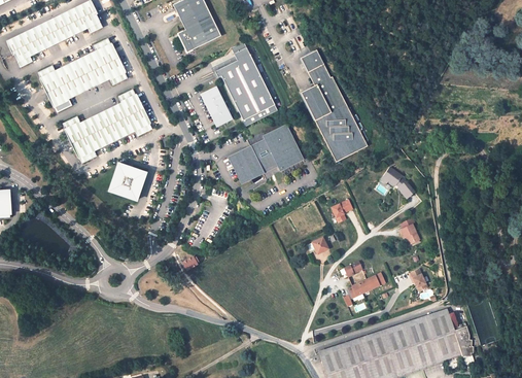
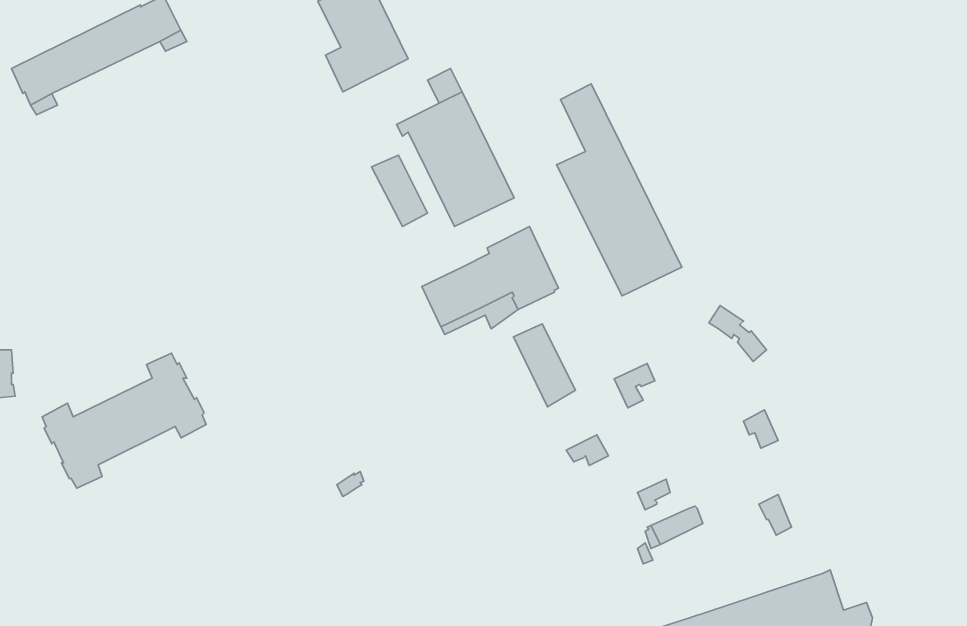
building: [40,39,128,111] -> none
building: [65,90,152,162] -> [42,353,206,488]
building: [109,164,145,200] -> none
building: none -> [513,324,575,407]

